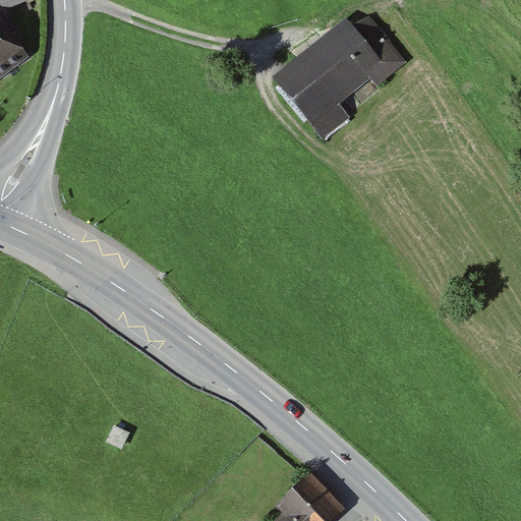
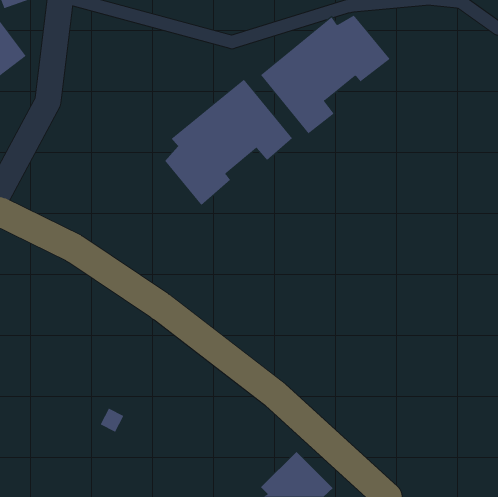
building: none -> [165,79,293,206]

